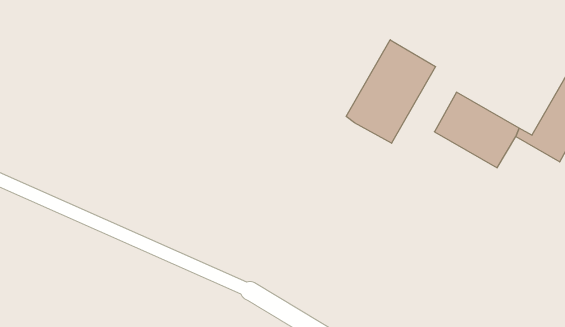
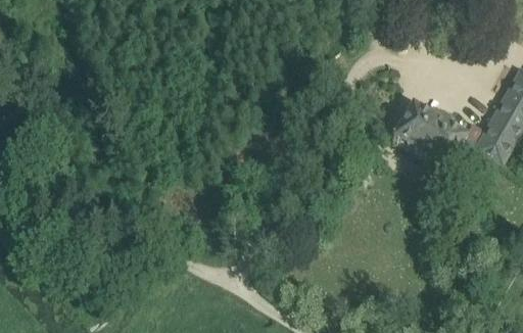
building: [346,40,436,143] -> none

